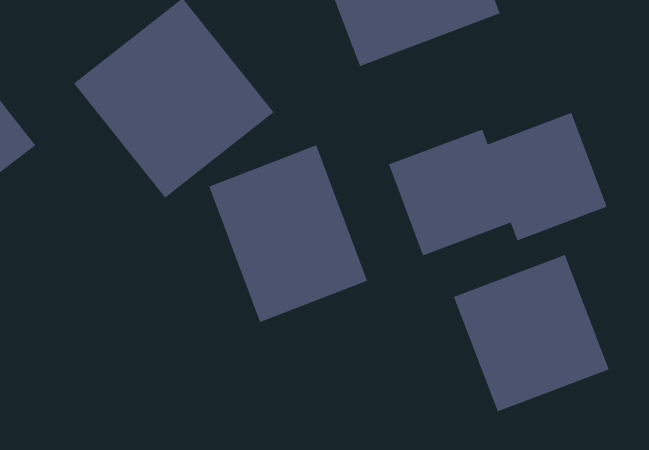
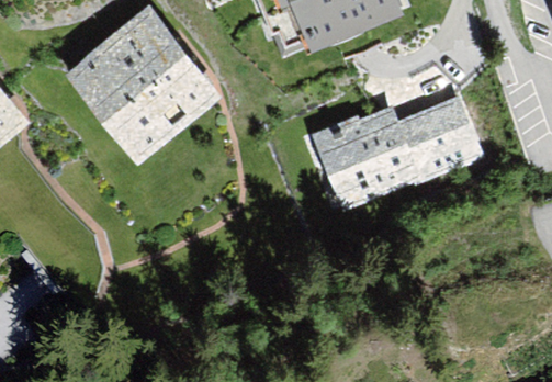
building: [208,145,368,323] -> none
building: [453,254,609,412] -> none

